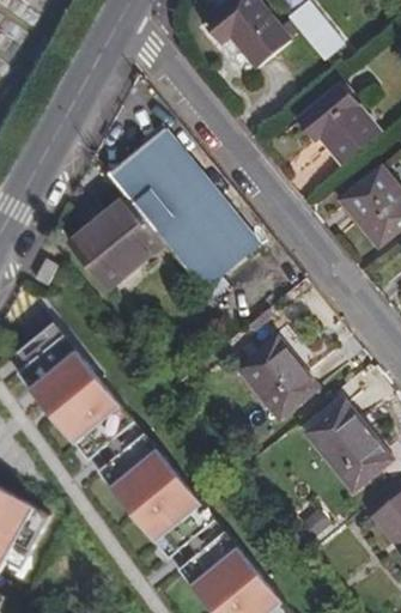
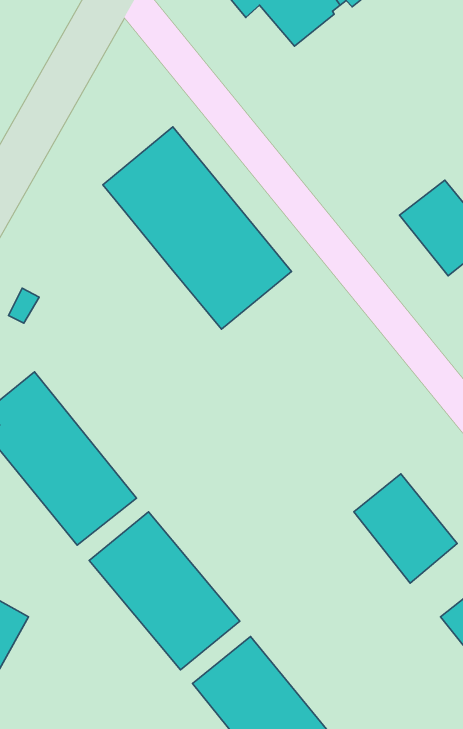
building: [300,86,378,163] -> none
building: [68,195,163,287] -> none
building: [237,340,315,419] -> none

